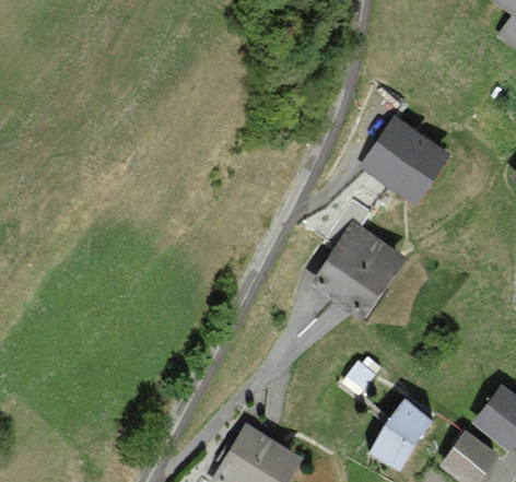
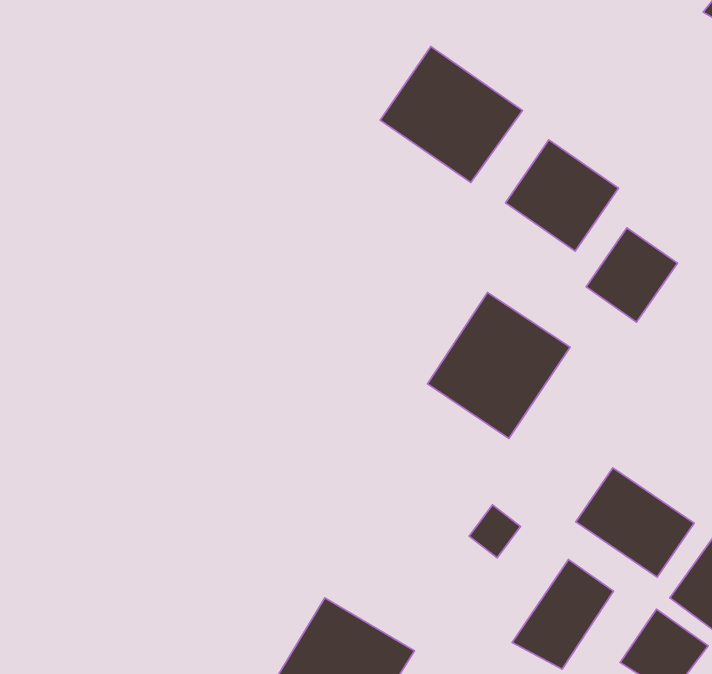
building: none -> [380,47,522,183]
building: none -> [586,228,677,322]
building: none -> [576,468,694,577]

